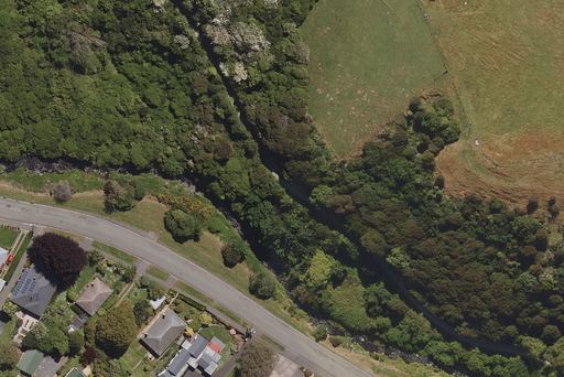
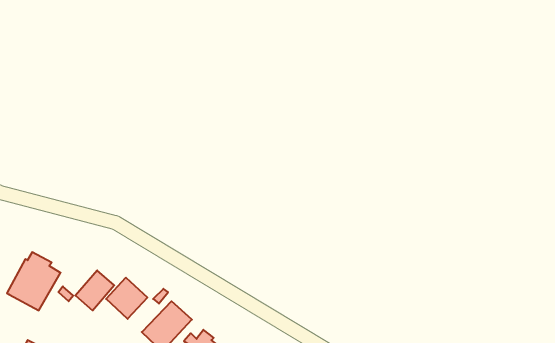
building: none -> [106,278,147,319]

